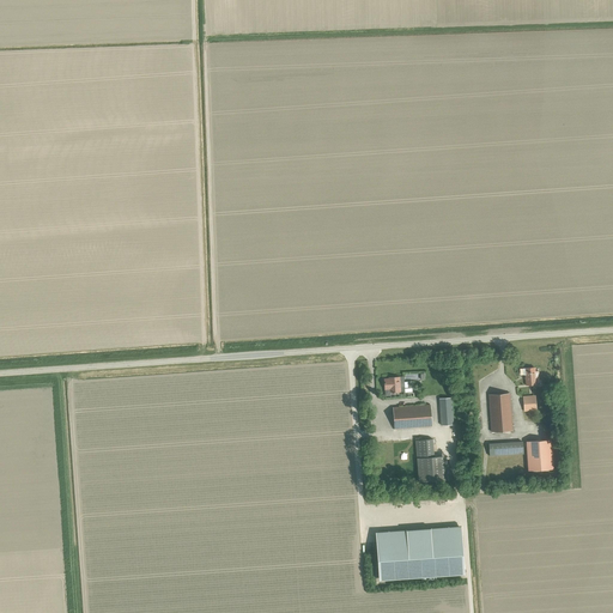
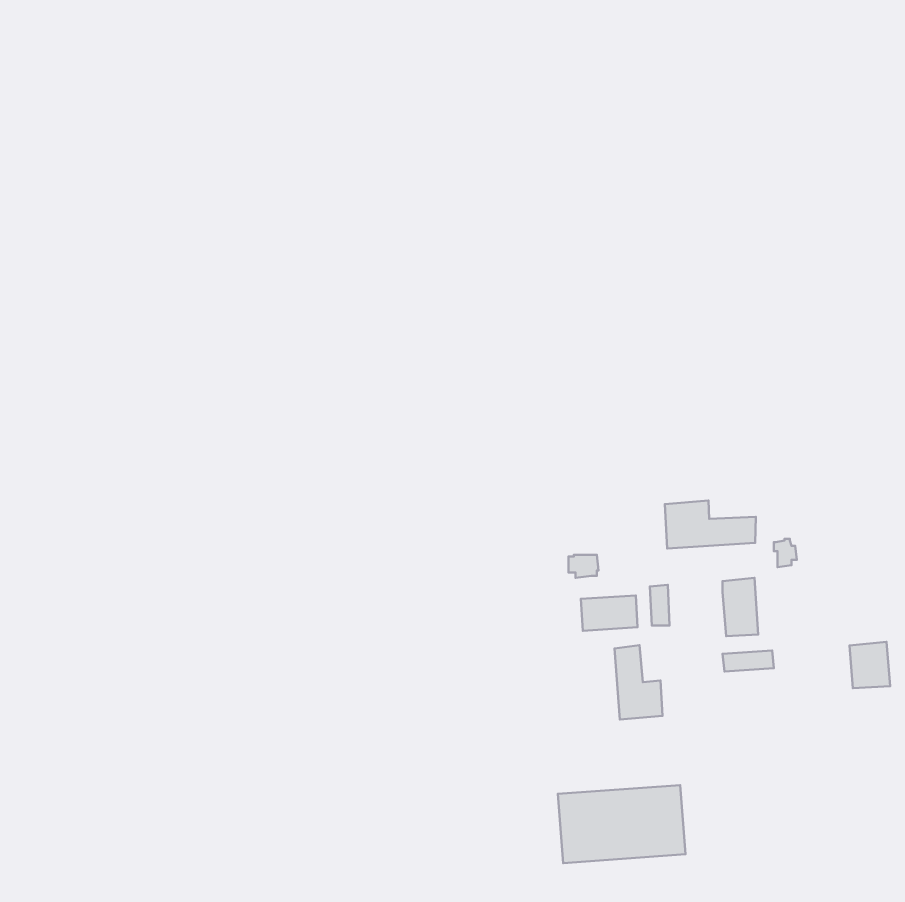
building: none -> [665,500,756,548]
building: [526,437,553,468] -> [849,642,890,688]

